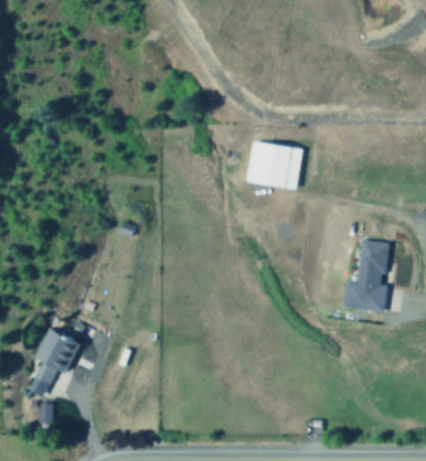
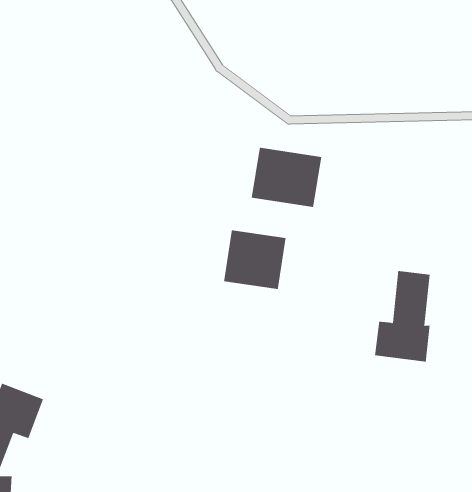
building: none -> [224,230,286,290]

